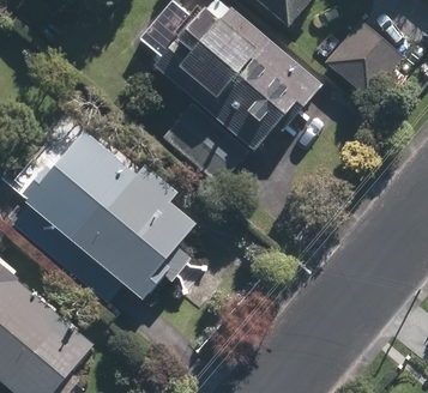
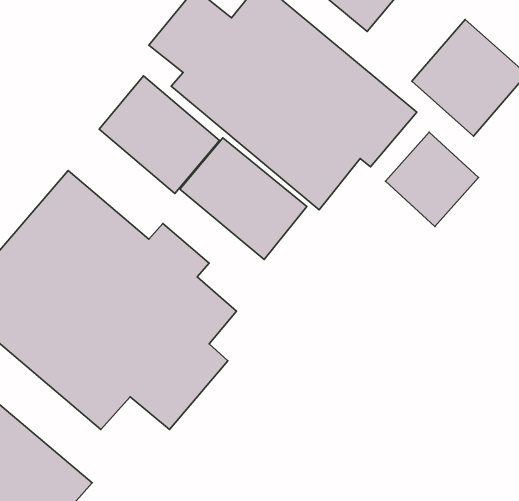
building: none -> [99,76,219,194]
building: none -> [385,132,479,226]

